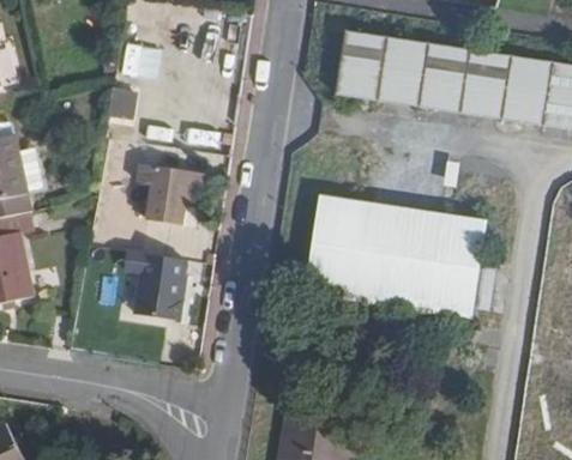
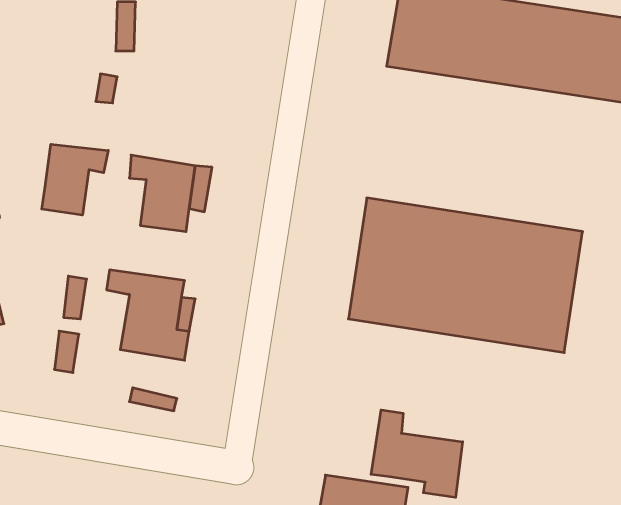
building: none -> [42,144,108,215]
building: none -> [371,410,463,497]

